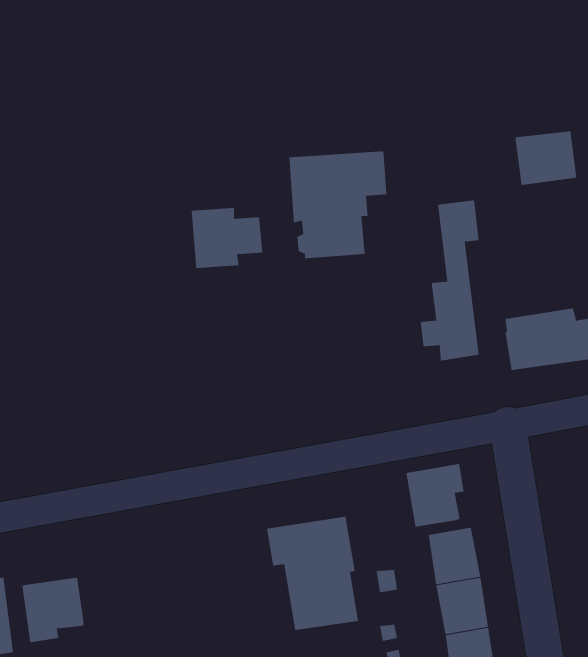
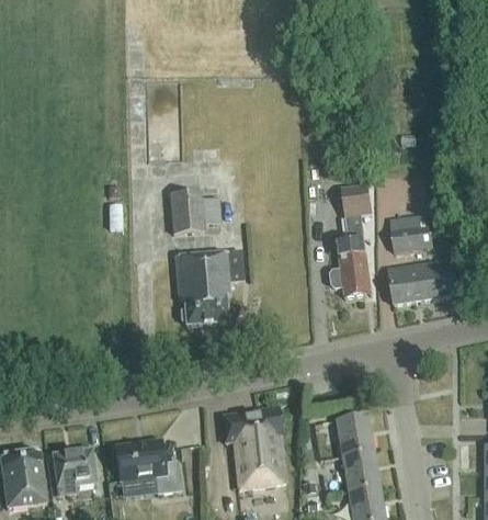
building: [515,131,577,186] -> [388,214,432,252]
building: [289,151,387,259] -> [174,249,243,325]
building: [406,463,464,528] -> none
building: none -> [115,439,181,493]

